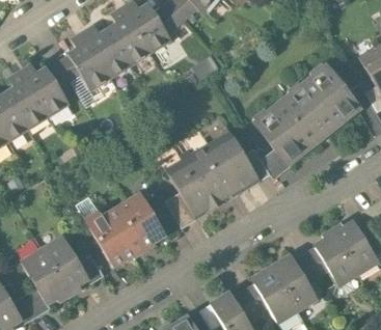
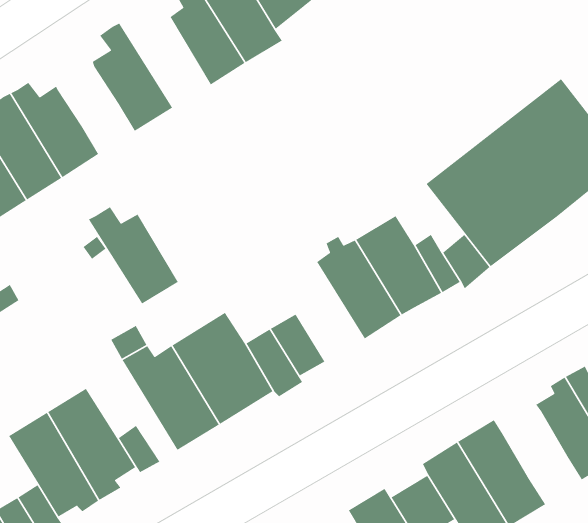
building: [80,23,131,78] -> [88,206,179,304]
building: [46,55,79,88] -> none
building: [168,164,217,220] -> none
building: [295,248,330,285] -> none

